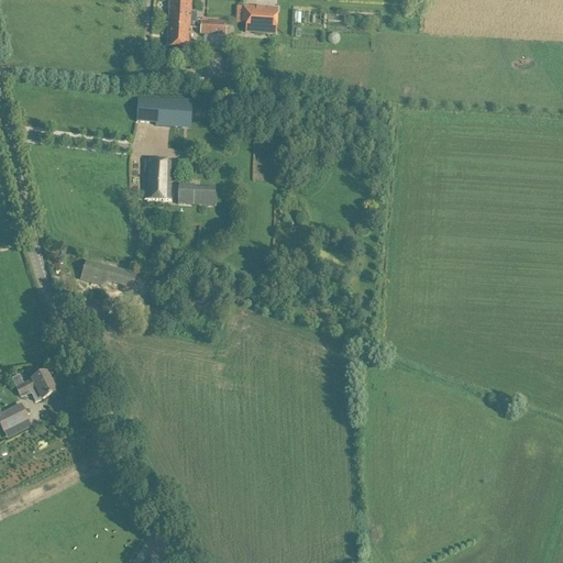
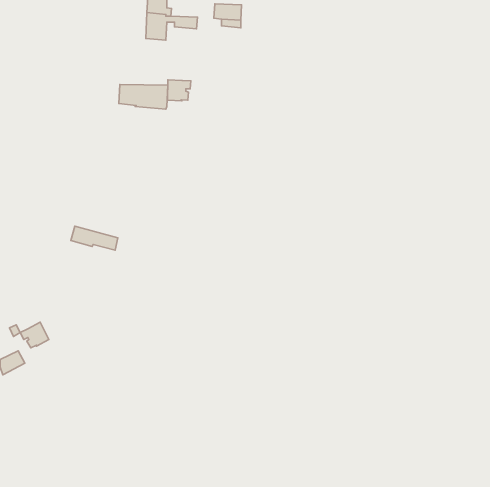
building: none -> [167,80,191,101]
building: [144,157,170,197] -> none
building: [178,181,208,202] -> none

